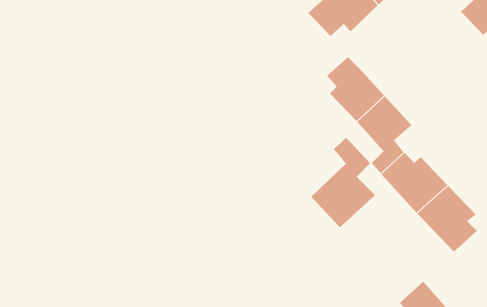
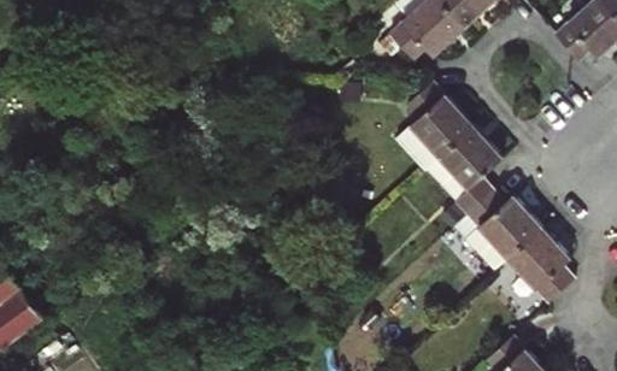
building: [310,137,376,228] -> none

